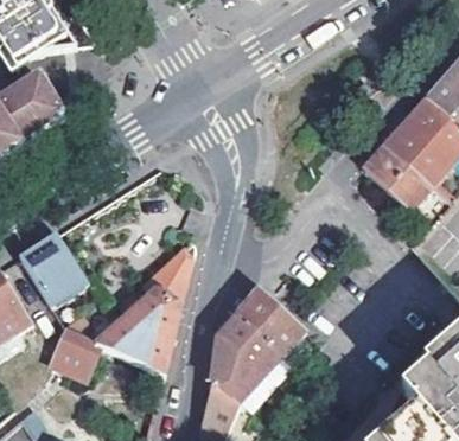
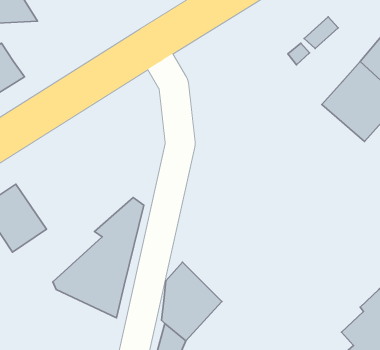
building: [364,142,432,206] -> none
building: [235,286,302,356] -> none
building: [45,320,98,375] -> none

